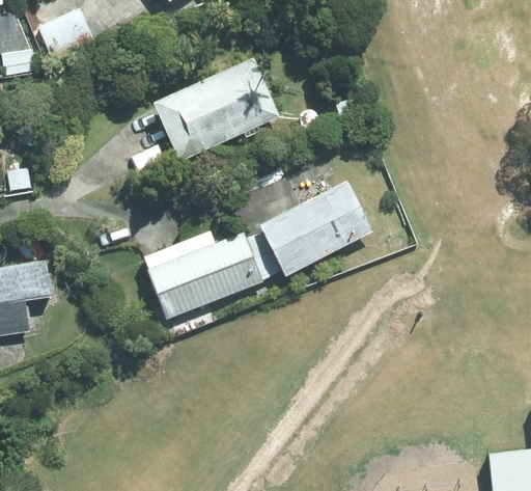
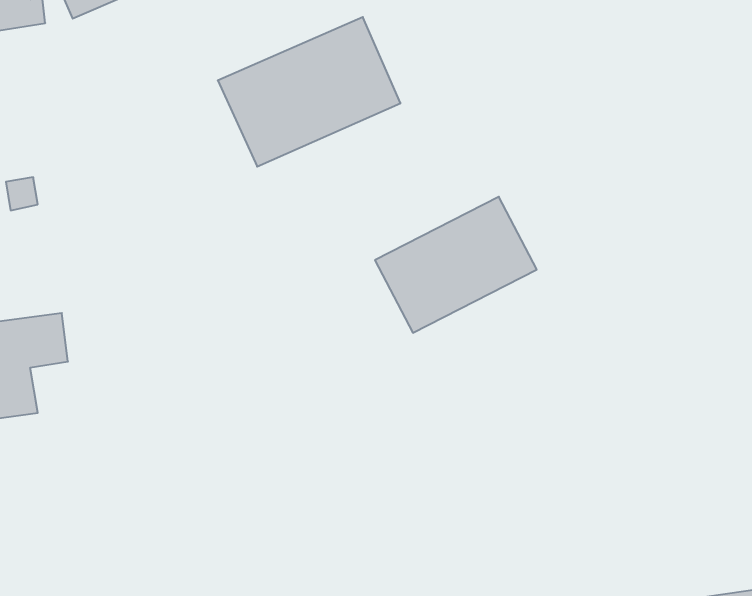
building: [142,230,262,318] -> none

